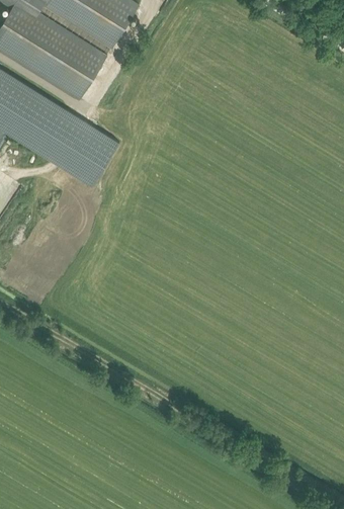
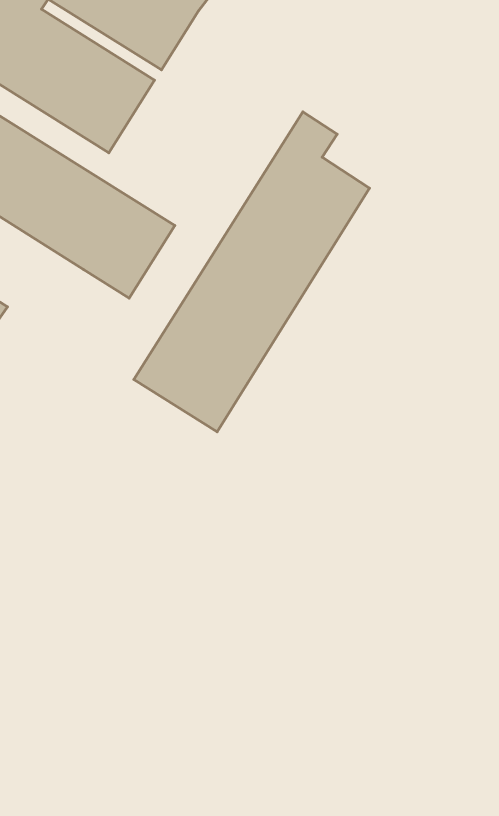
building: none -> [134,112,370,432]

